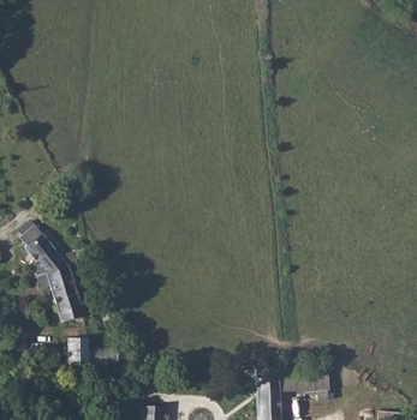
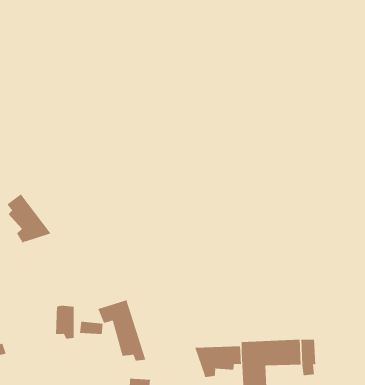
building: [41,264,89,325] -> [98,299,146,361]
building: none -> [195,346,241,378]

